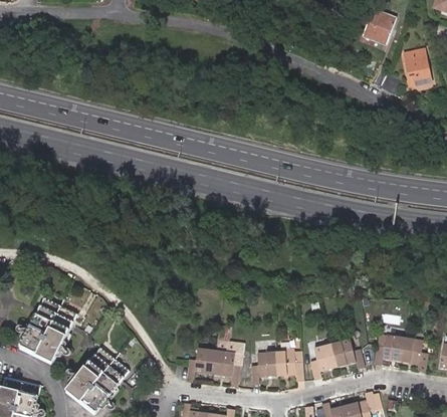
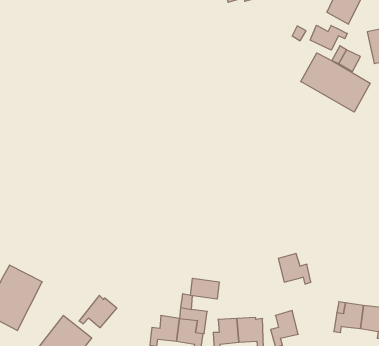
building: none -> [310,25,347,50]
building: none -> [301,53,370,112]
building: none -> [190,278,219,299]
building: none -> [79,295,117,328]
building: [331,338,365,369] -> [278,253,311,284]

